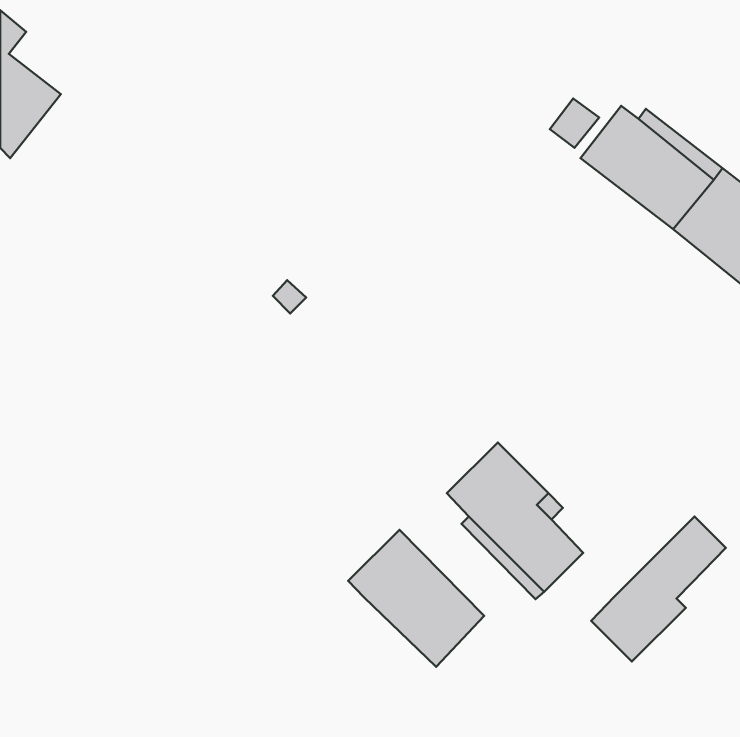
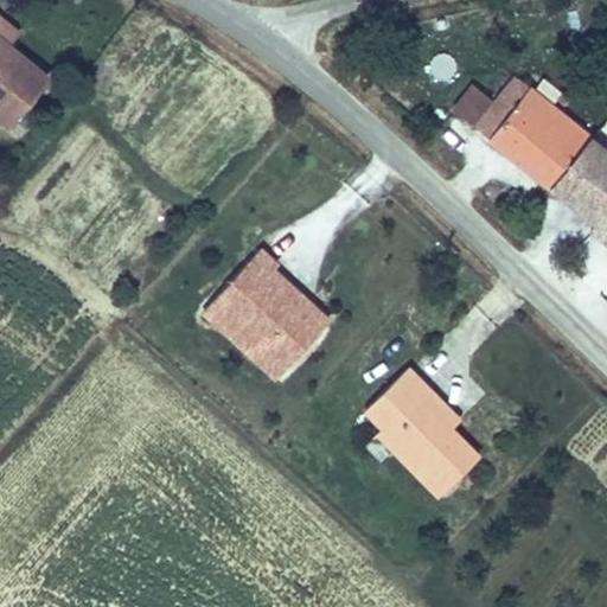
building: none -> [200,244,332,378]
building: [591,516,726,662] -> none
building: [348,530,484,667] -> none

